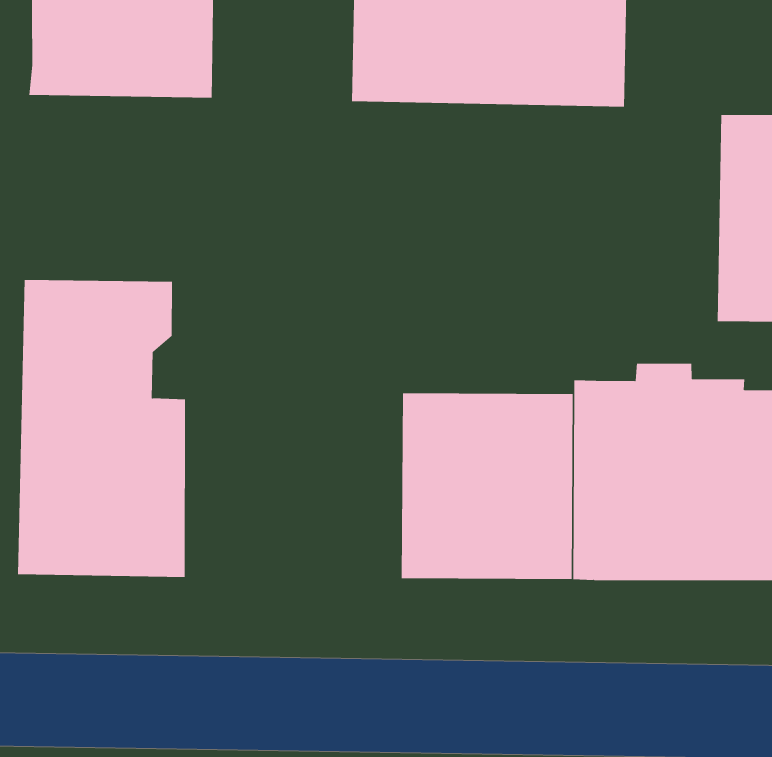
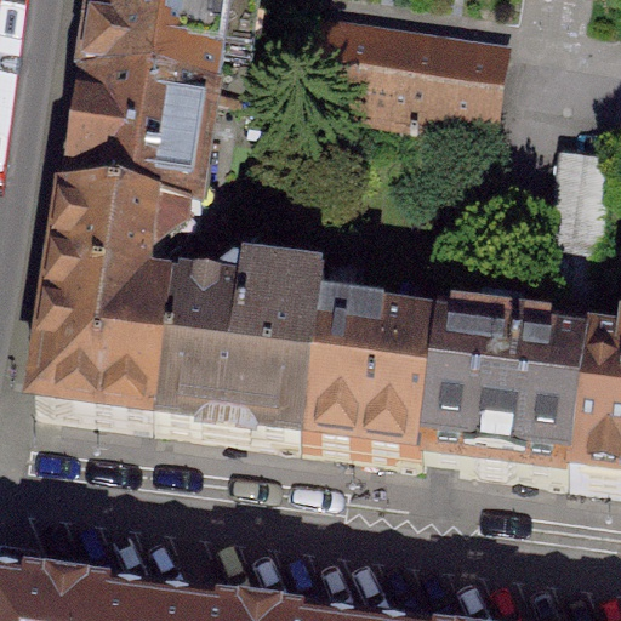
building: none -> [63,74,210,220]
building: none -> [149,283,318,441]

